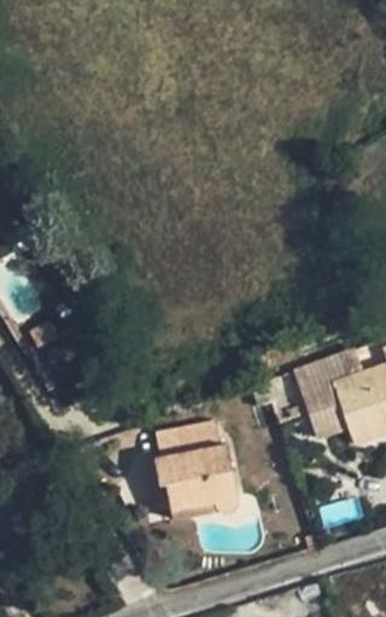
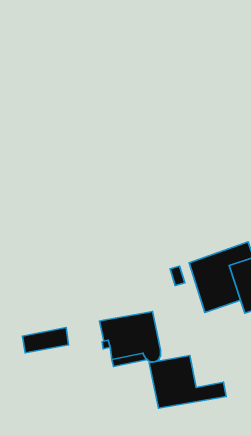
building: [156,420,220,455] -> [23,327,69,353]
building: none -> [149,356,226,408]

